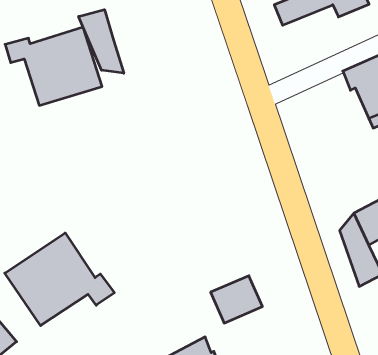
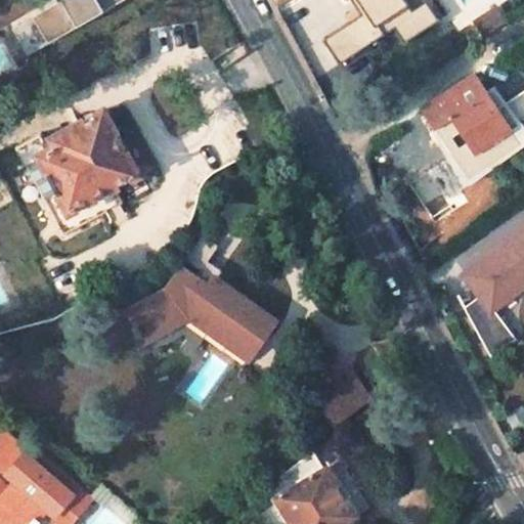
building: [79,10,124,73] -> none
building: none -> [129,237,276,359]
building: [5,233,114,326] -> none

